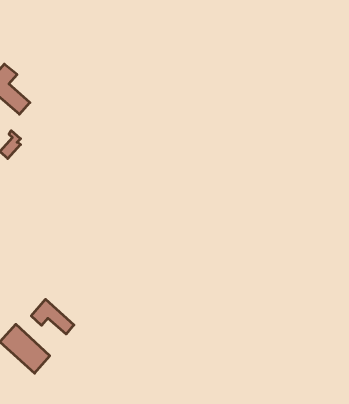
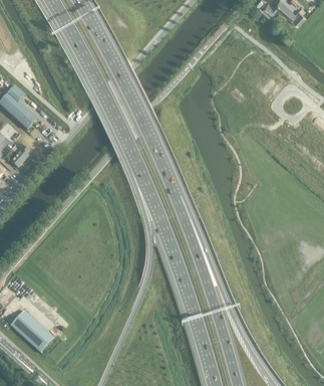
building: [31,299,74,334] -> none

